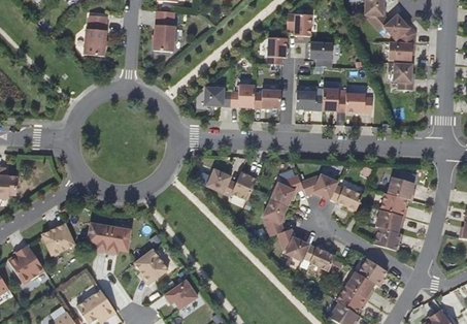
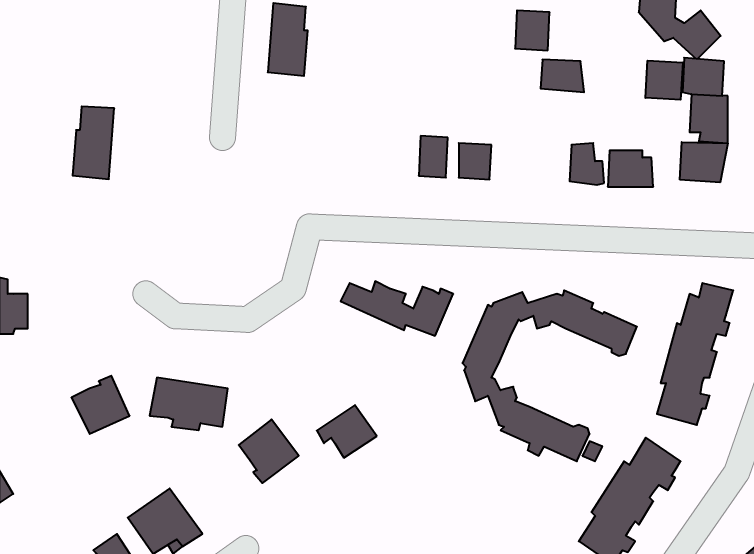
building: [82,14,106,56] -> [73,106,114,179]
building: [267,37,287,67] -> none
building: none -> [645,61,683,100]
building: [296,86,322,112] -> none
building: [203,87,225,108] -> none
building: none -> [680,142,728,182]
building: [7,245,44,284] -> none
building: [164,280,198,310] -> [317,405,377,458]

